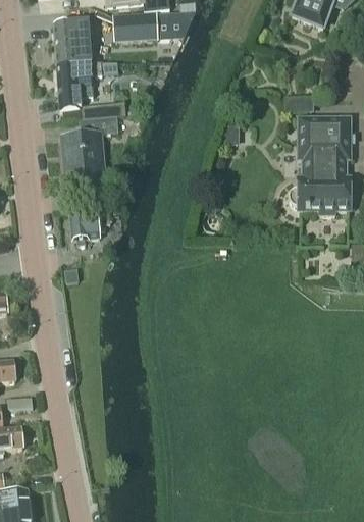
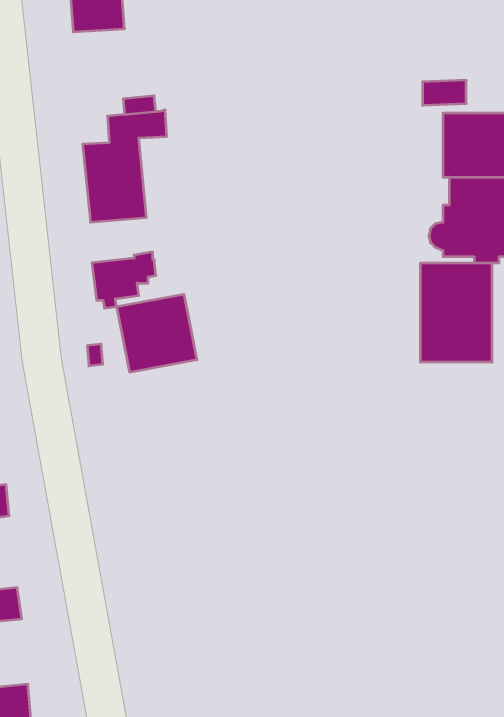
building: [57,60,102,109] -> none
building: none -> [421,263,492,362]
building: none -> [117,294,197,372]

